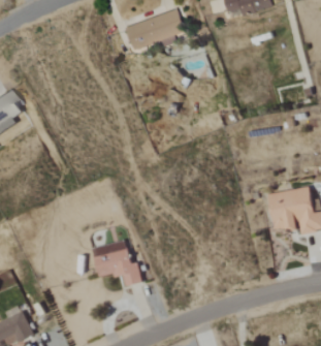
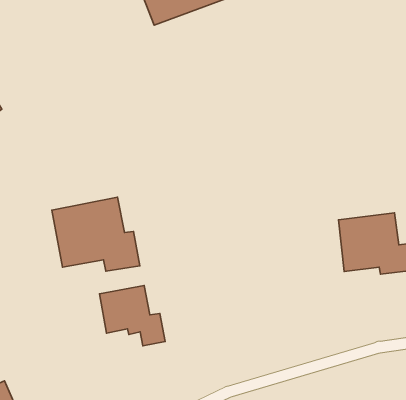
building: none -> [52,197,140,271]

